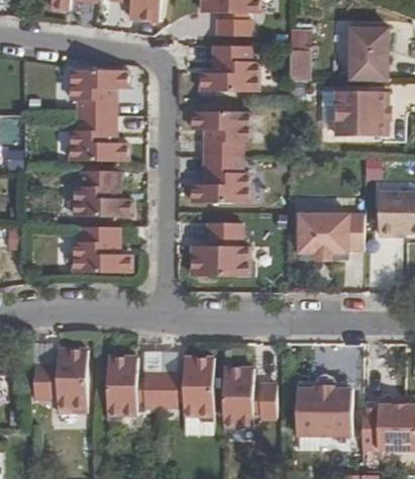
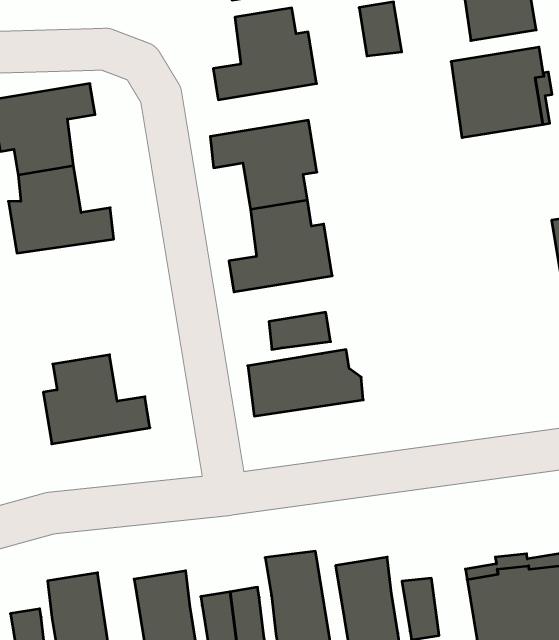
building: [73,171,130,216] -> none
building: [298,214,362,253] -> none

